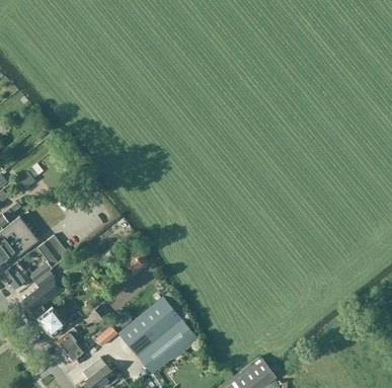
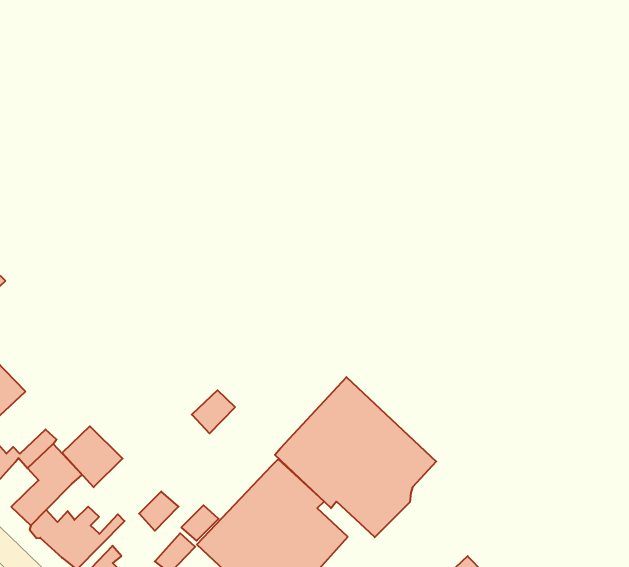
building: [37,236,69,268] -> [62,426,123,487]
building: none -> [275,377,436,537]

